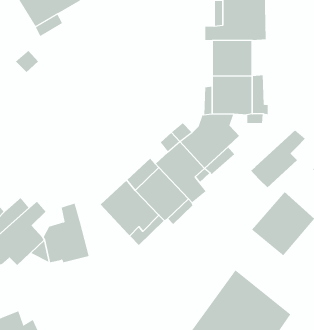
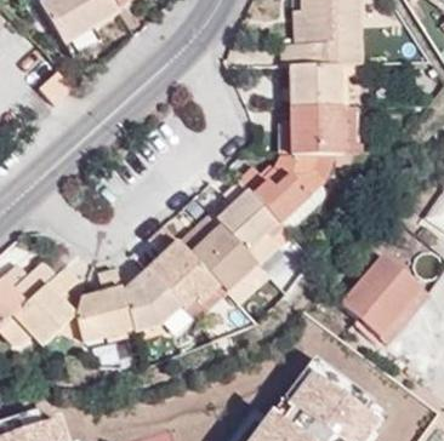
building: [250,130,306,188] -> none
building: none -> [121,271,181,337]

